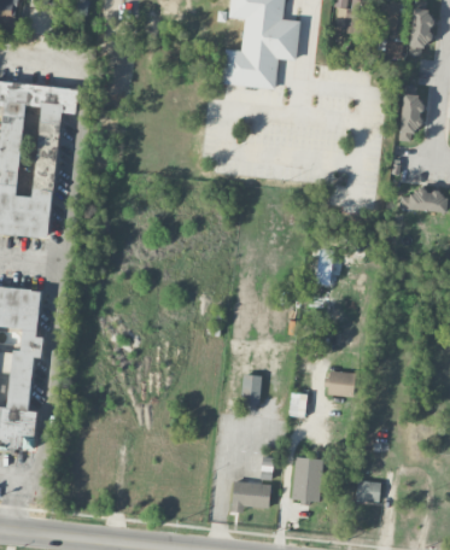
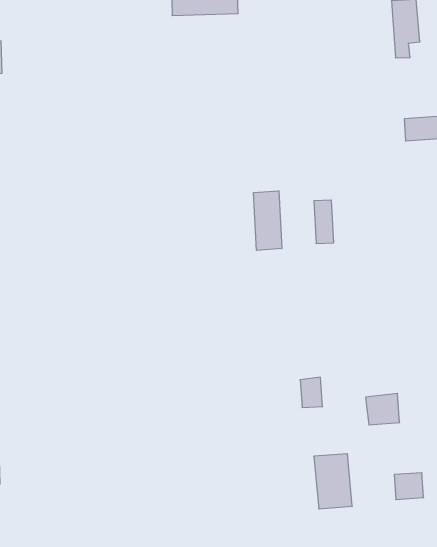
building: none -> [254,191,282,250]
building: [329,371,356,396] -> [366,393,400,425]
building: [242,374,262,405] -> none
building: [230,480,271,513] -> none

